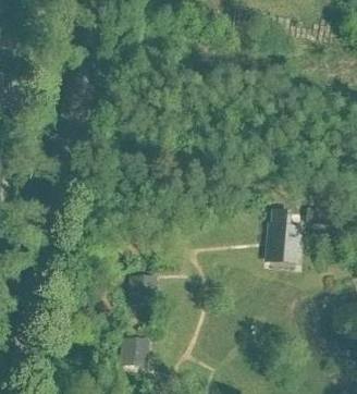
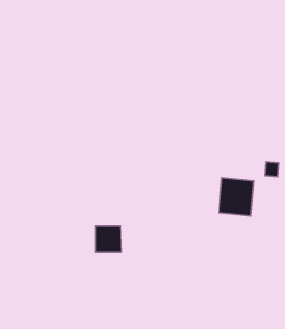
building: [116,335,147,366] -> none

